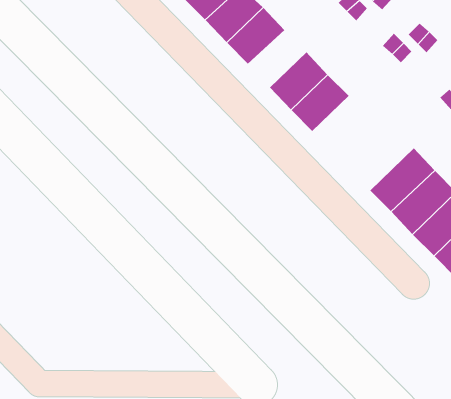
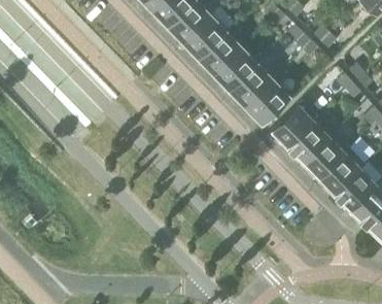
building: none -> [198,33,240,74]
building: none -> [244,80,286,123]
building: none -> [269,101,317,148]

